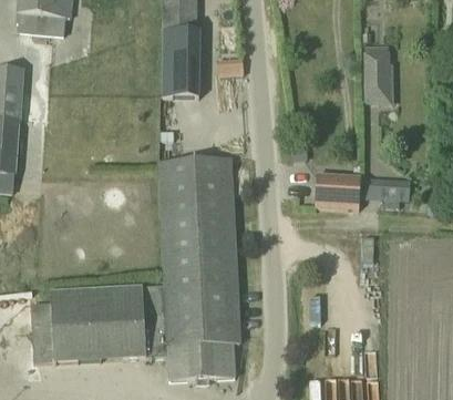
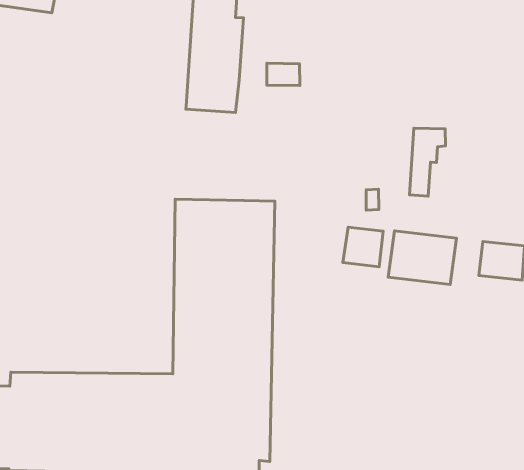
building: [366,51,389,100] -> [409,128,445,196]
building: none -> [343,227,383,267]

